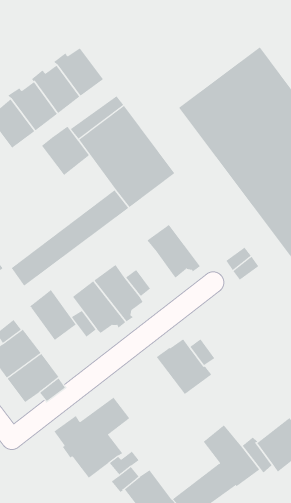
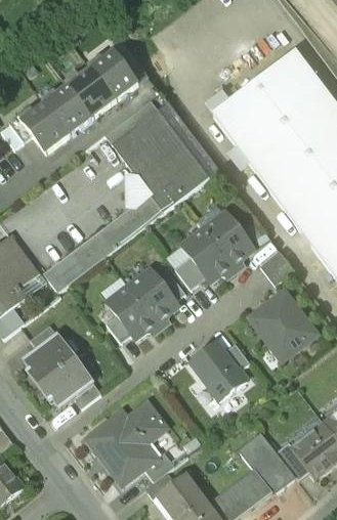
building: [41,125,90,176] -> none
building: none -> [204,213,253,271]
building: none -> [174,257,206,290]
building: none -> [250,292,317,360]
building: [29,289,76,341] -> none

